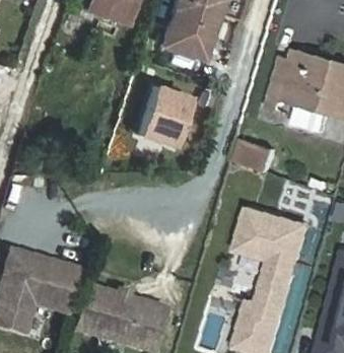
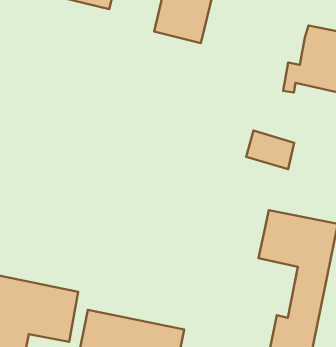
building: [134,85,189,147] -> none

